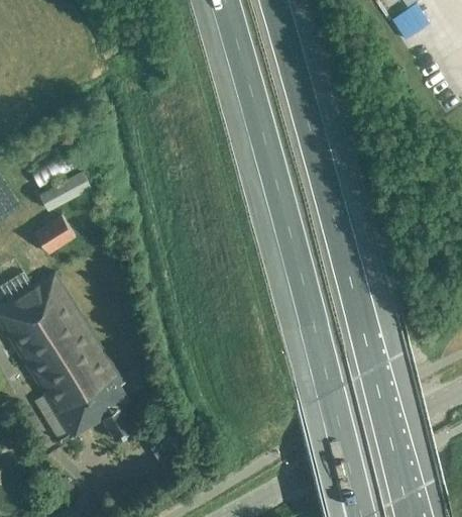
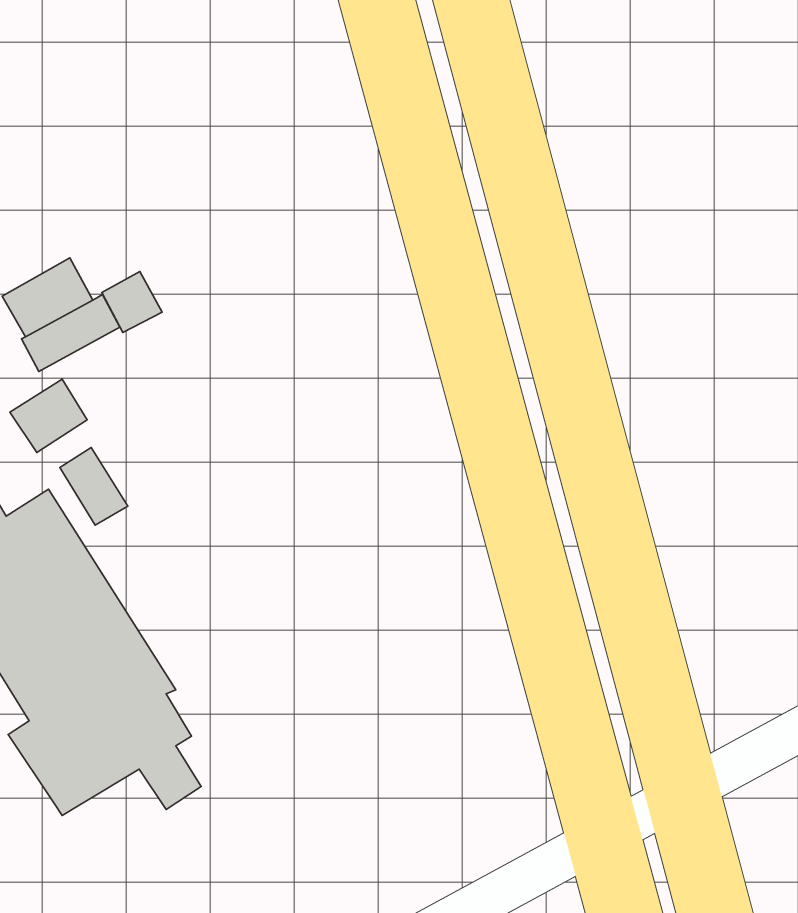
building: none -> [102,271,162,333]
building: none -> [60,448,128,525]

